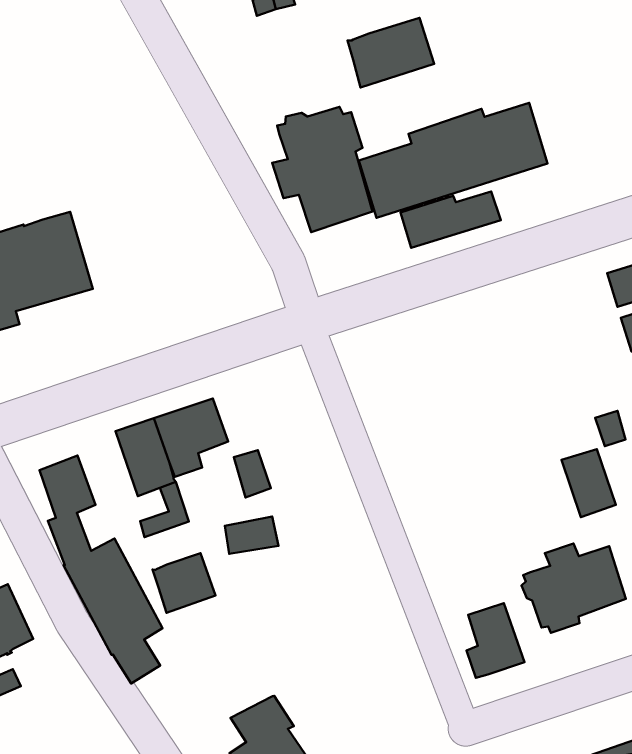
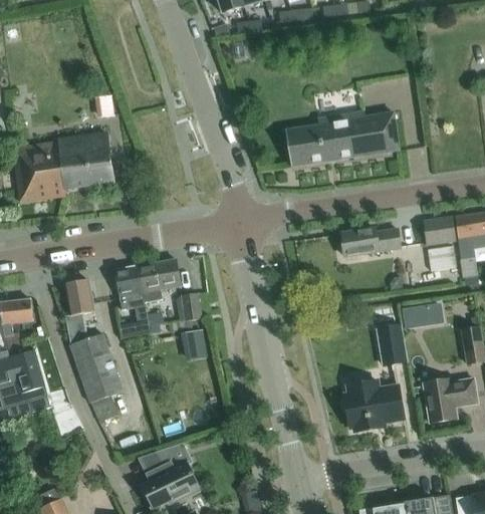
building: [347,18,434,87] -> none
building: [272,107,373,232] -> none
building: [401,191,501,248] -> [341,229,401,256]
building: [152,553,216,613] -> none
building: [467,603,524,678] -> none

